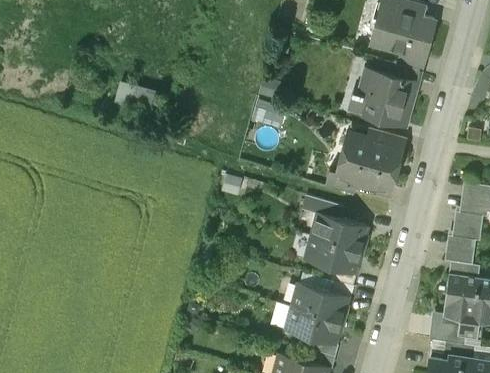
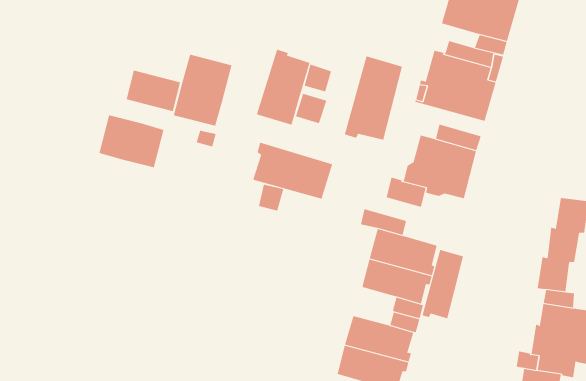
building: none -> [256,49,310,125]
building: none -> [173,54,232,127]
building: none -> [344,56,403,140]
building: none -> [99,114,164,168]
building: none -> [252,142,333,200]
building: none -> [422,249,464,319]

